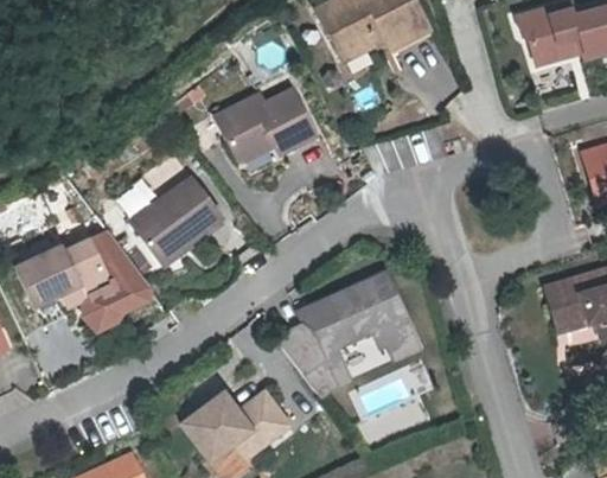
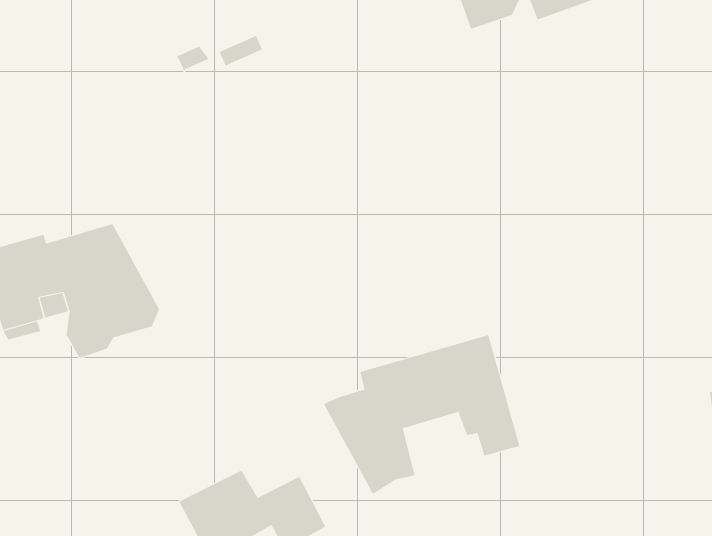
building: [206,85,319,171] -> none
building: [129,177,223,266] -> none

